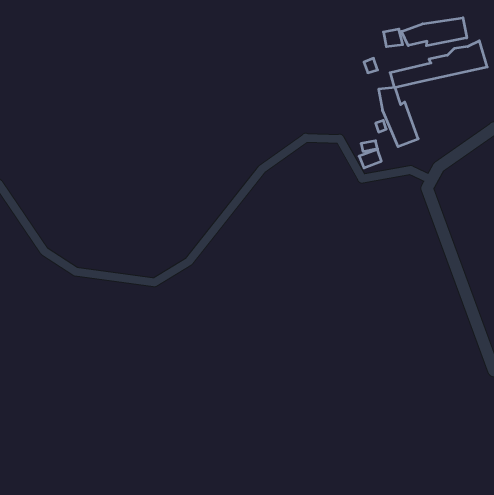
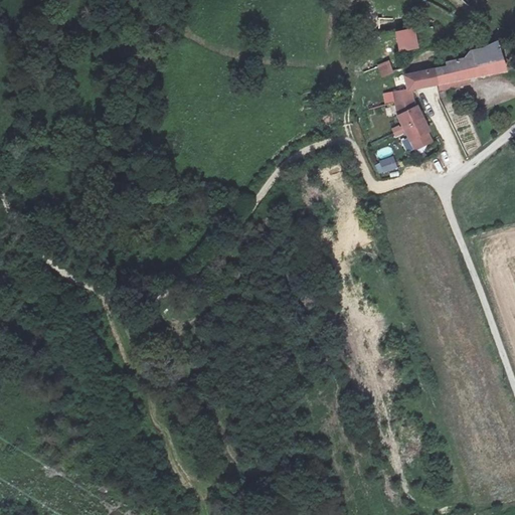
building: [401,18,467,46] -> none

